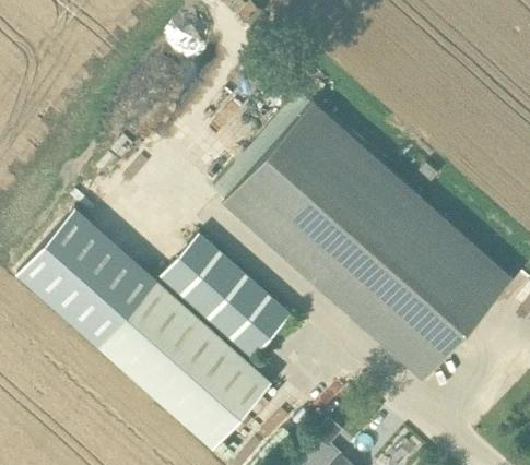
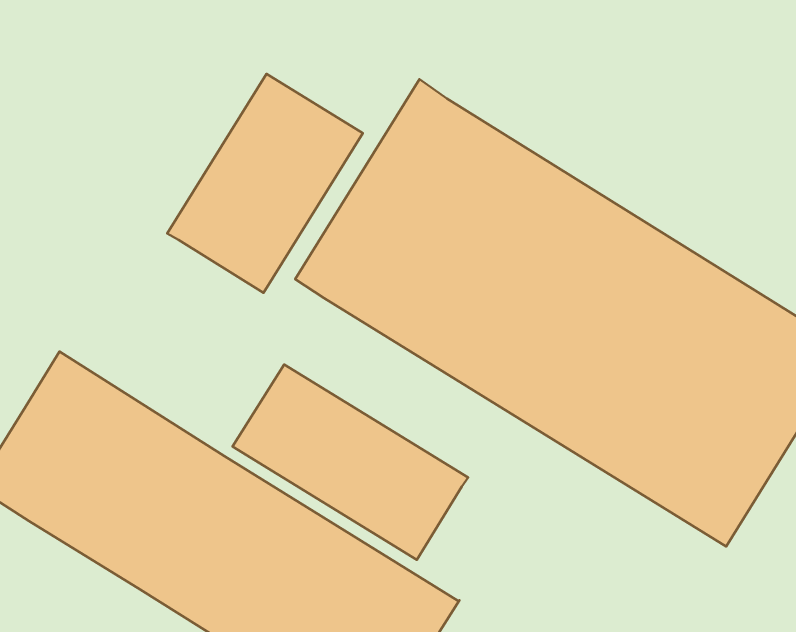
building: none -> [167,74,363,293]

